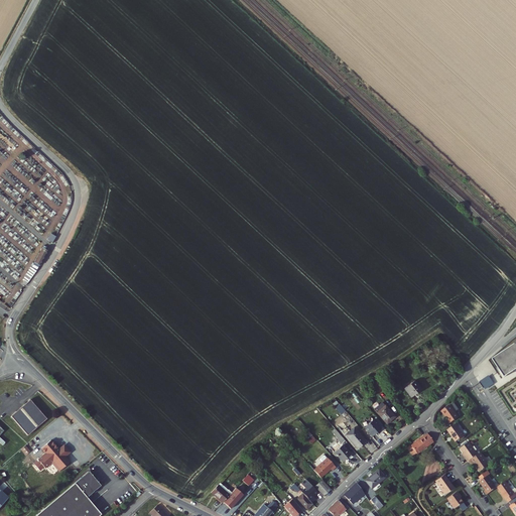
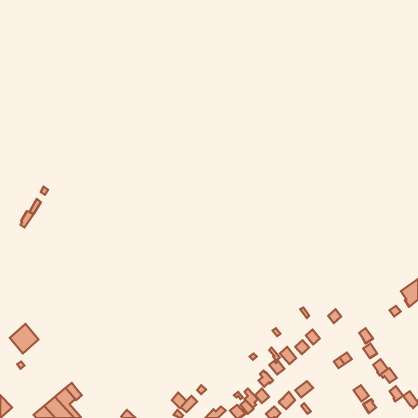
building: [34,440,70,472] -> none

